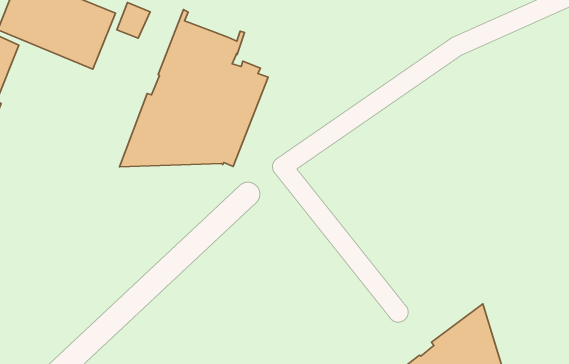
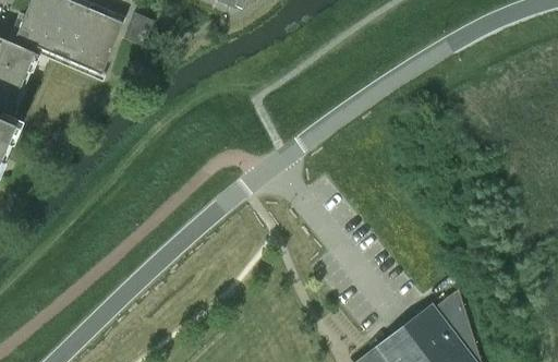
building: [120,9,268,167] -> none

